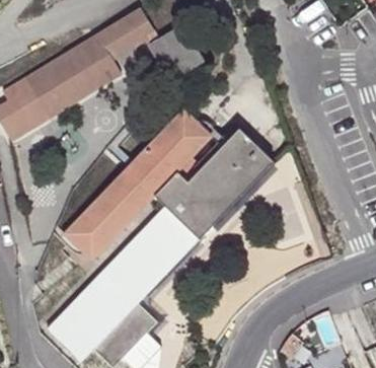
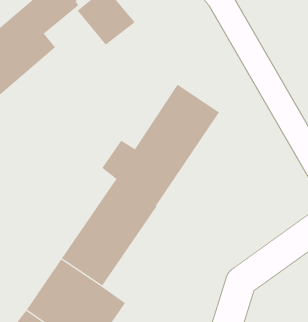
building: [61,107,208,257] -> none

